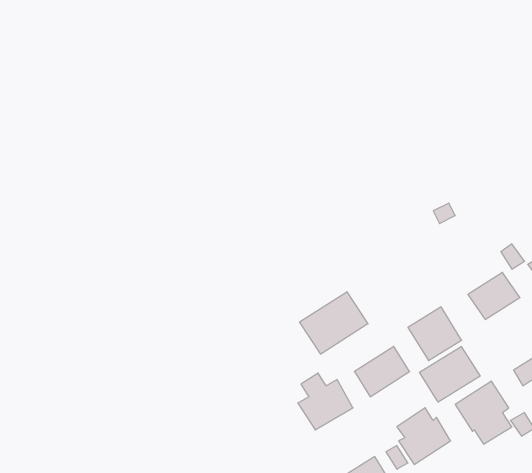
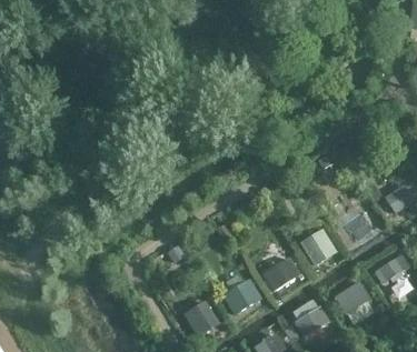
building: [300,292,368,354] -> none
building: [419,346,480,402] -> none
building: none -> [183,302,218,338]

